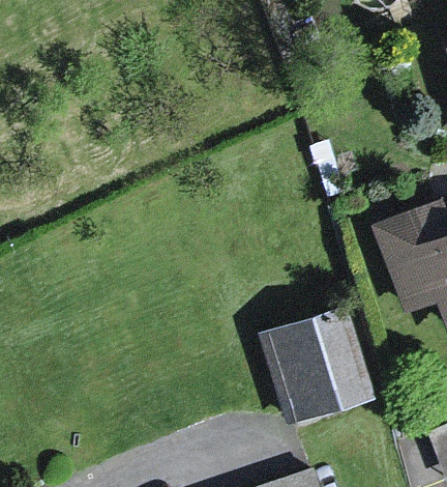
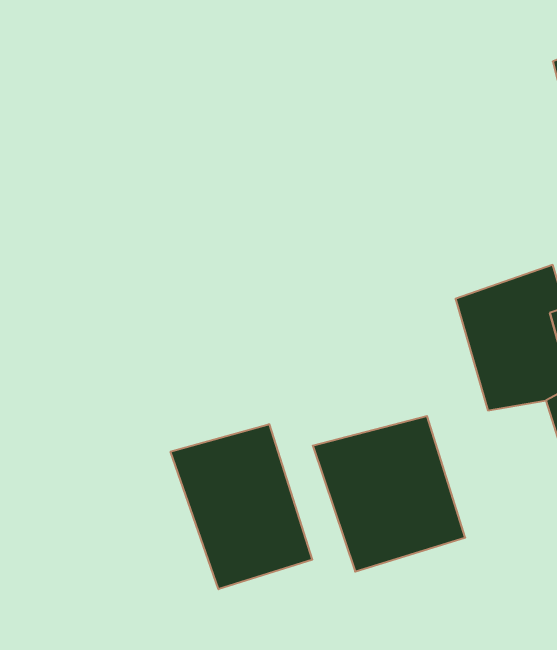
building: none -> [171,424,312,589]

